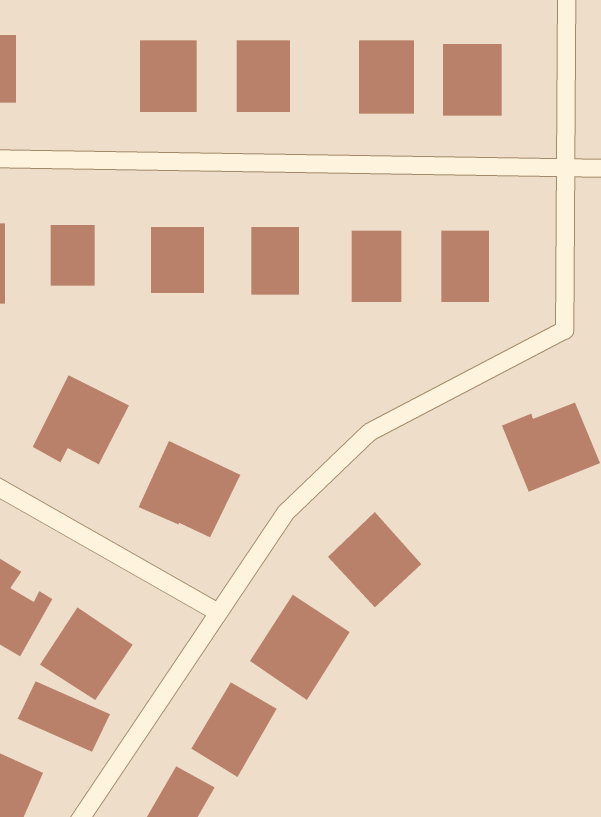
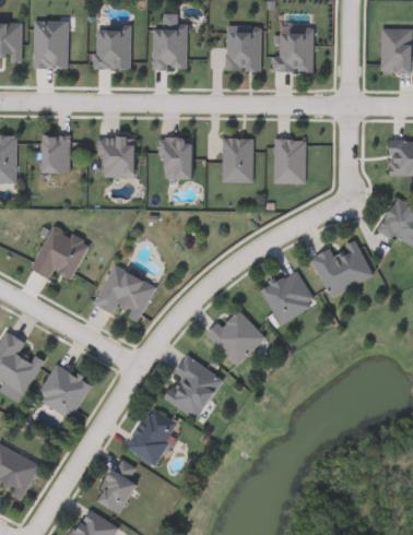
building: none -> [33,21,68,68]
building: none -> [260,269,316,324]
building: [16,680,111,753] -> none

